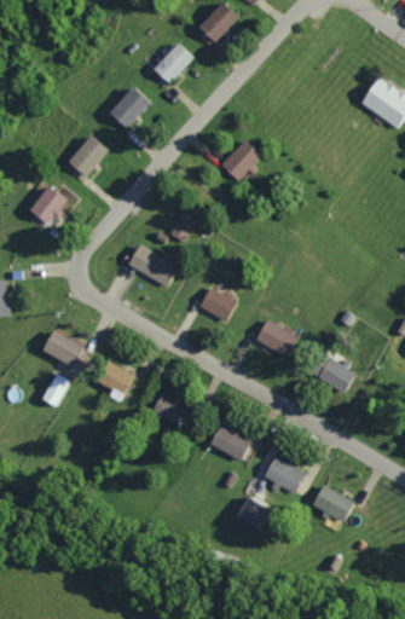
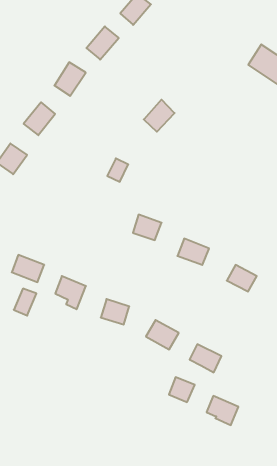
building: [128,244,177,284] -> none
building: [312,484,353,522] -> [207,396,238,425]

